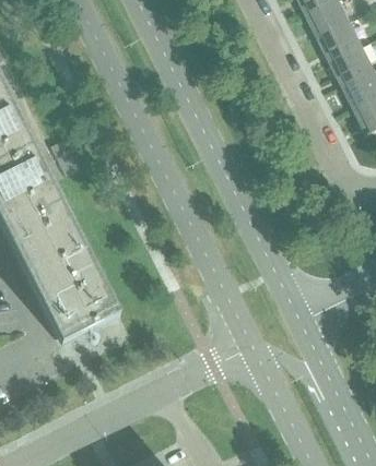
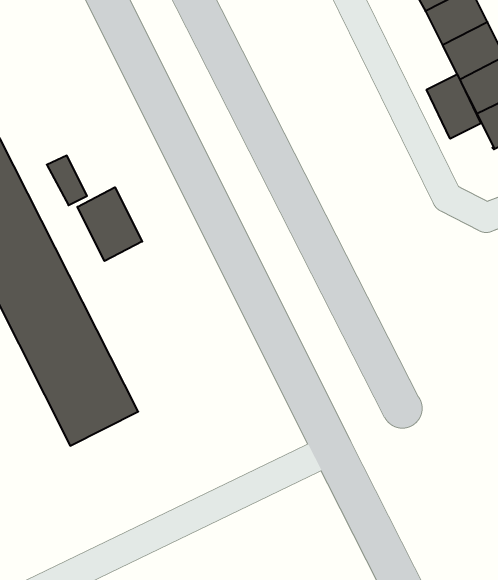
building: none -> [427,74,481,139]
building: none -> [77,187,142,261]

